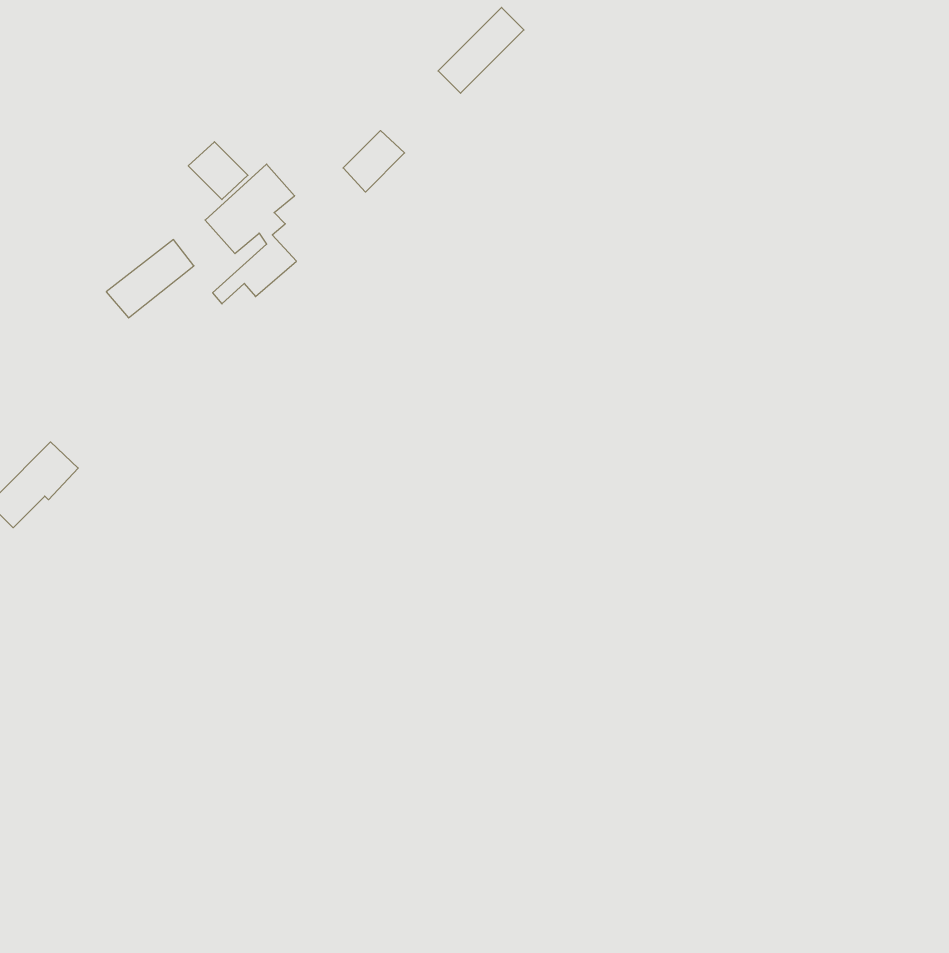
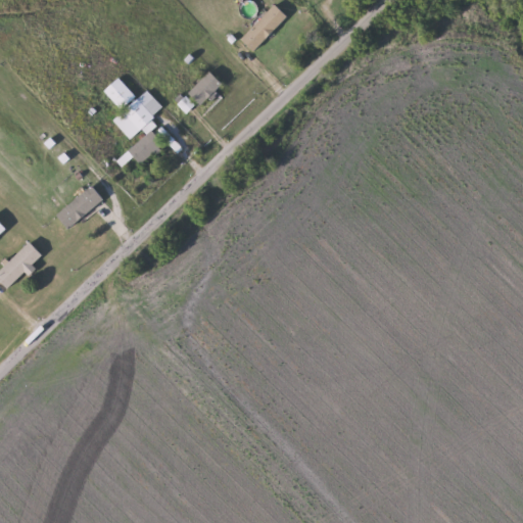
building: [106,240,194,318] -> [55,186,103,229]

